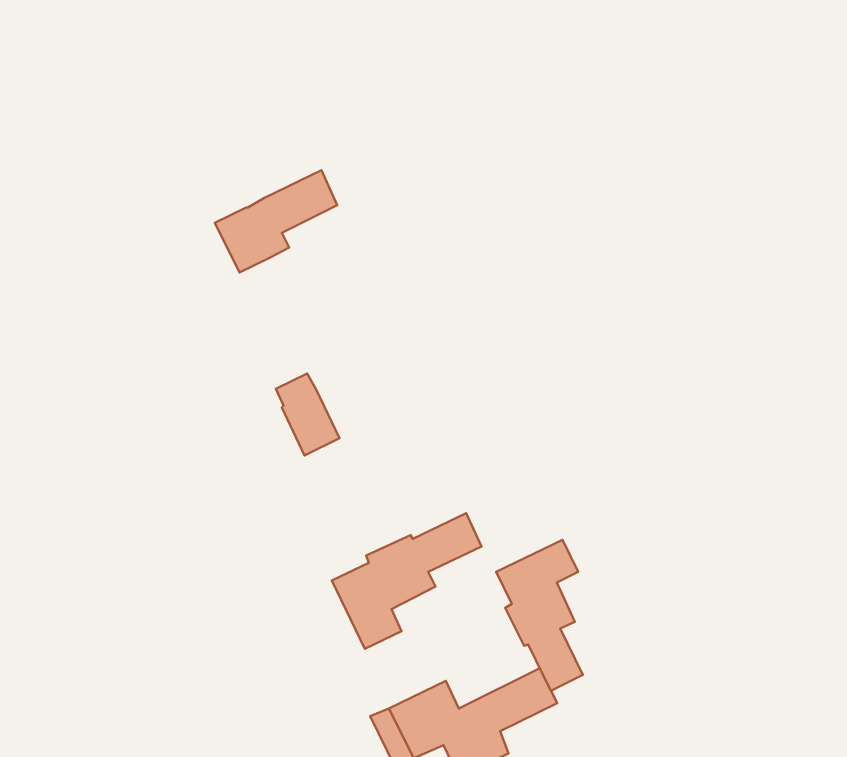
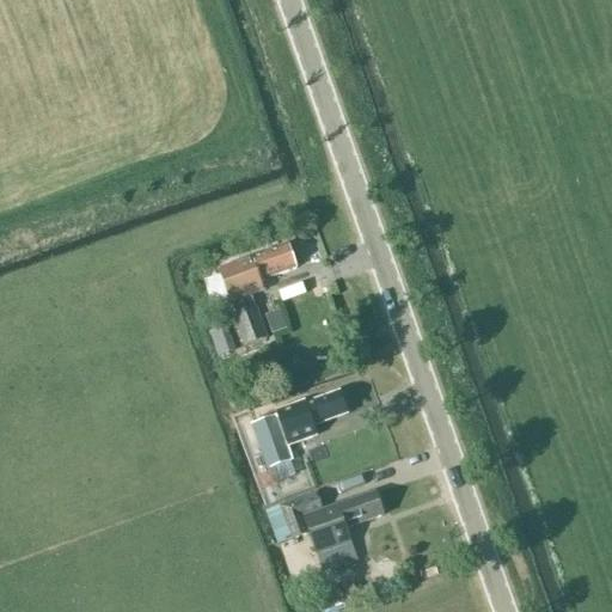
building: [215,170,337,272] -> [220,241,296,299]
building: [496,540,583,691] -> none

